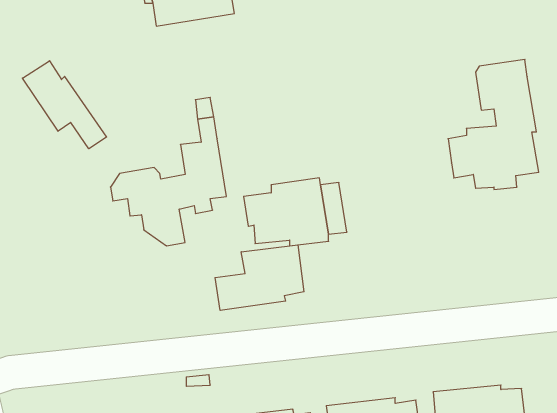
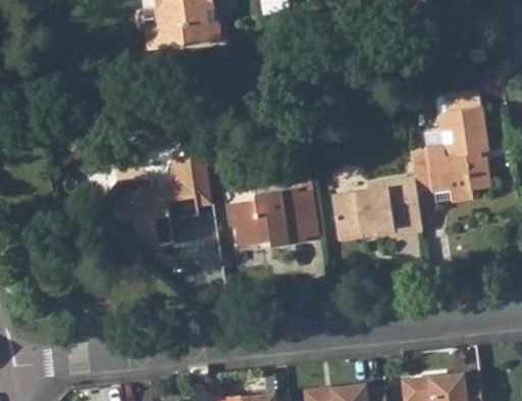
building: [22,61,107,149] -> none
building: none -> [333,176,423,237]
building: [215,245,304,310] -> none

